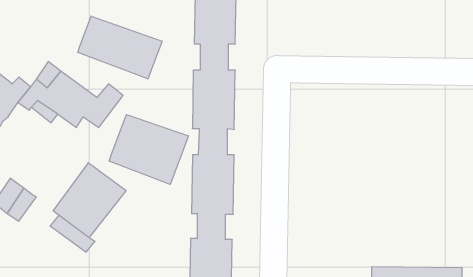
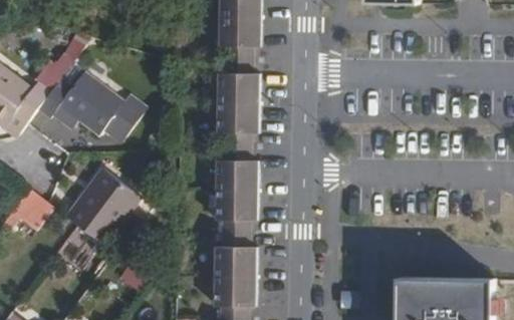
building: [78,16,162,79] -> none
building: [109,115,188,184] -> none

